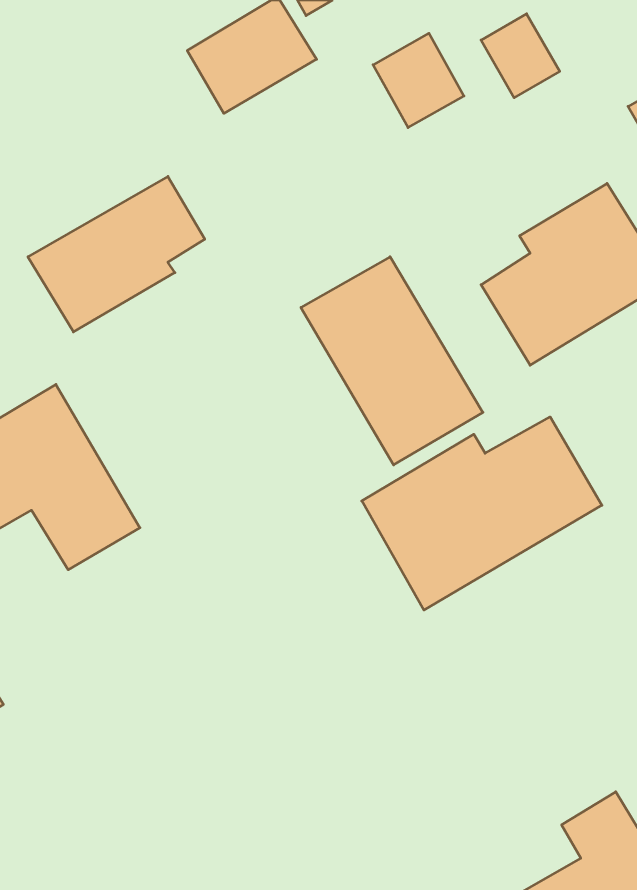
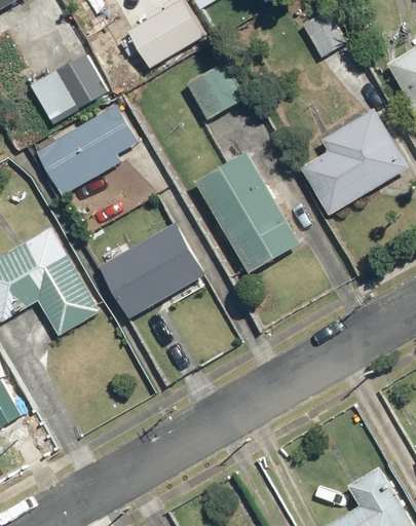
building: [373,33,464,128] -> [186,65,239,120]
building: none -> [29,53,107,125]
building: none -> [98,222,205,318]
building: [362,417,602,610] -> none

